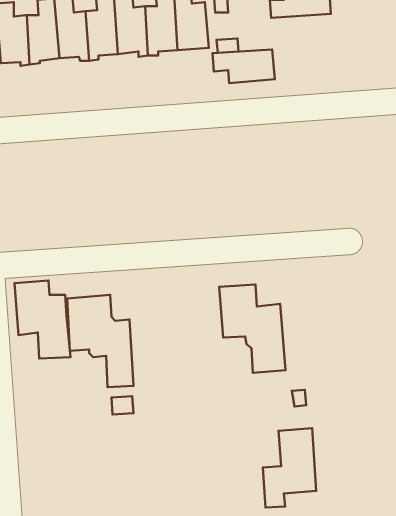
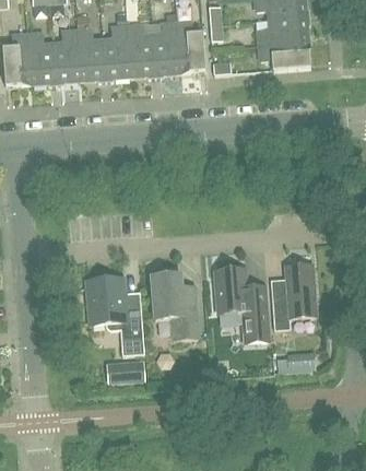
building: [212,49,275,83] -> [258,42,310,70]
building: [15,281,70,359] -> [151,274,198,340]
building: [263,428,316,508] -> [271,263,316,330]

